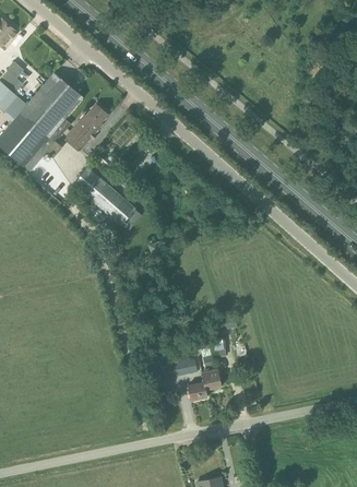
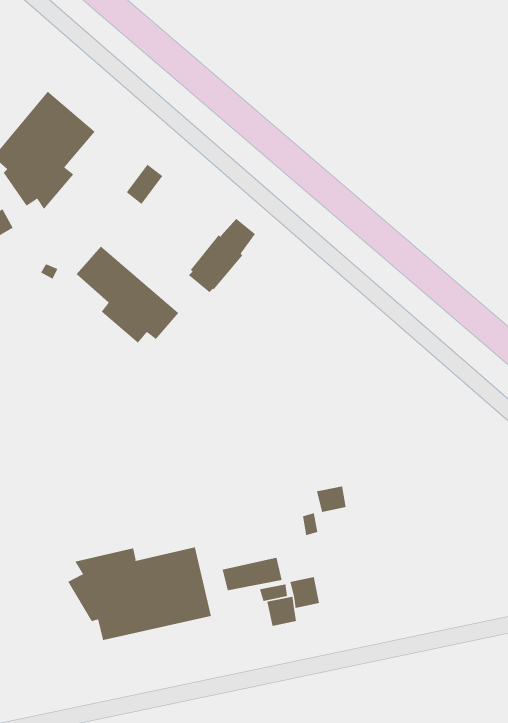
building: [68,104,109,150] -> [188,218,256,293]
building: none -> [68,547,212,641]

